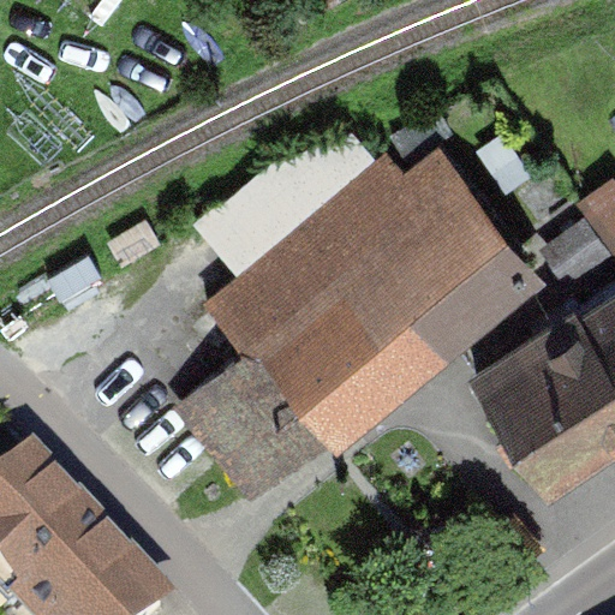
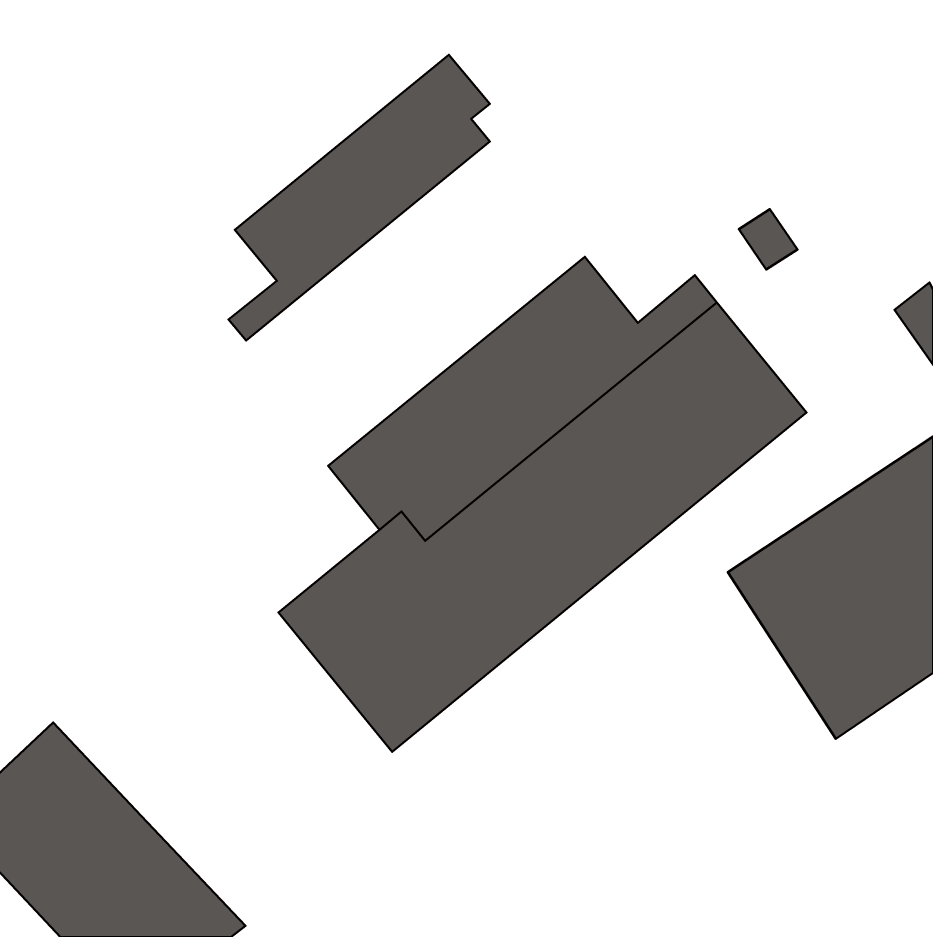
building: none -> [228,55,490,340]

